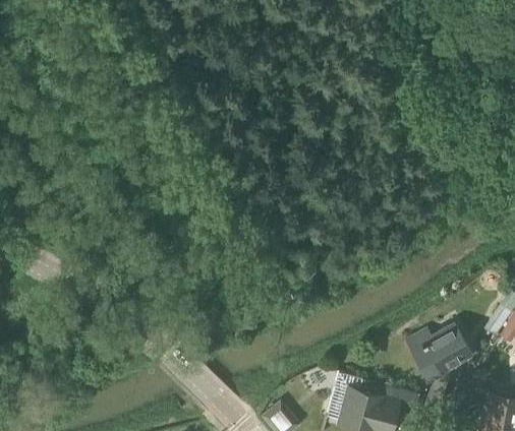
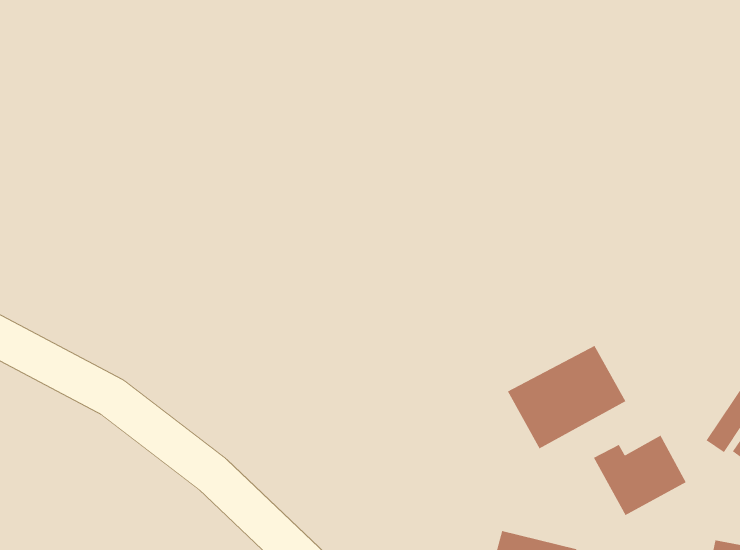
building: none -> [507,345,627,450]

